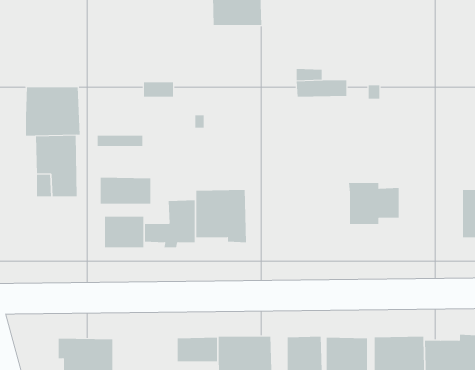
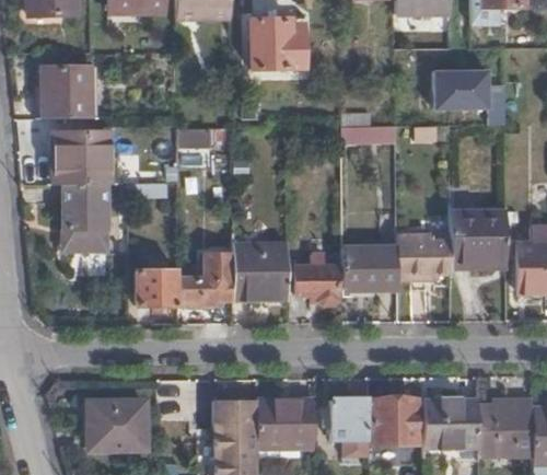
building: none -> [43,69,91,119]
building: none -> [431,69,489,108]
building: none -> [451,211,507,263]
building: [100,177,151,204] -> none
building: none -> [344,246,398,291]
building: none -> [296,255,339,306]

